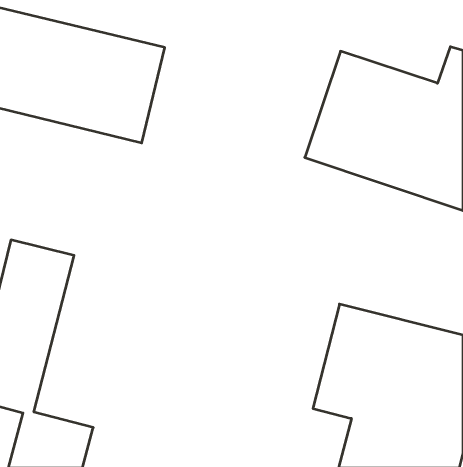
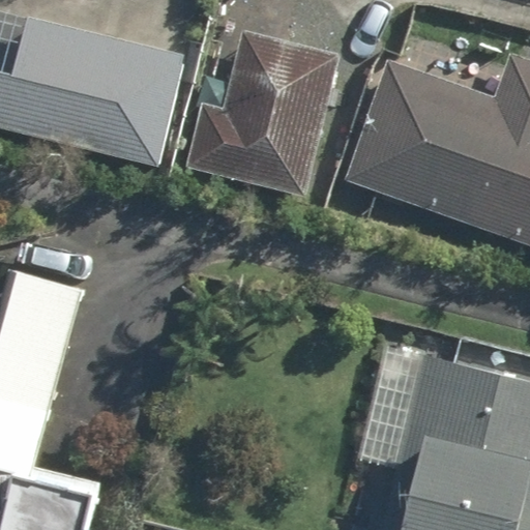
building: none -> [185,33,337,198]

